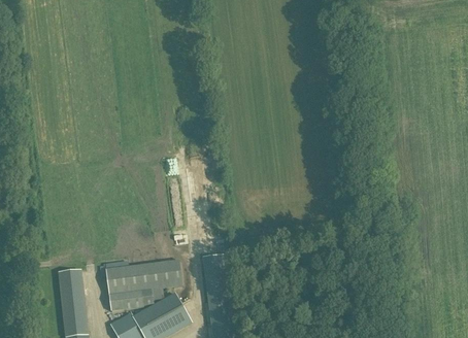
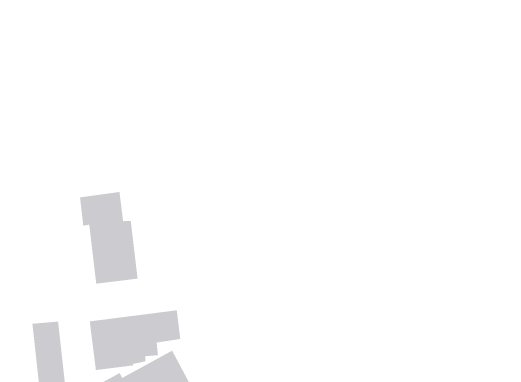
building: none -> [79,191,138,285]

